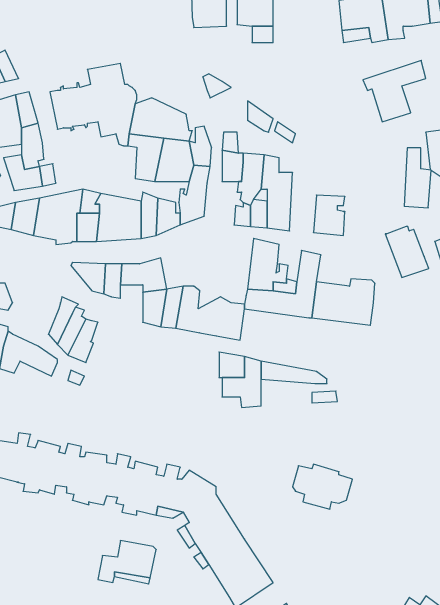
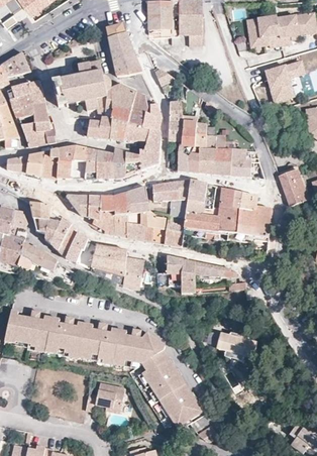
building: none -> [107,23,142,76]
building: none -> [87,116,111,138]
building: [404,148,431,208] -> [214,134,232,175]
building: none -> [152,179,190,217]
building: none -> [127,185,149,213]
building: none -> [232,190,256,211]
building: none -> [30,202,60,243]
building: none -> [93,210,115,235]
building: none -> [90,244,144,290]

